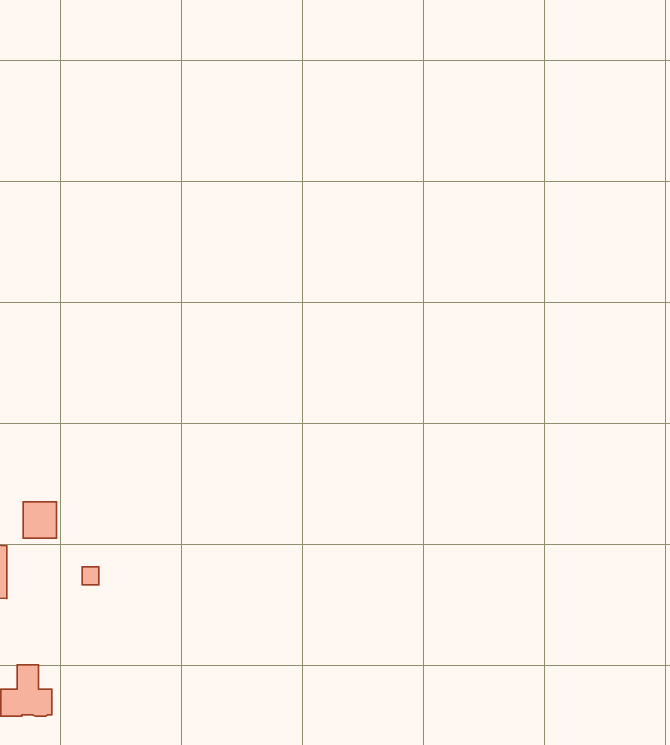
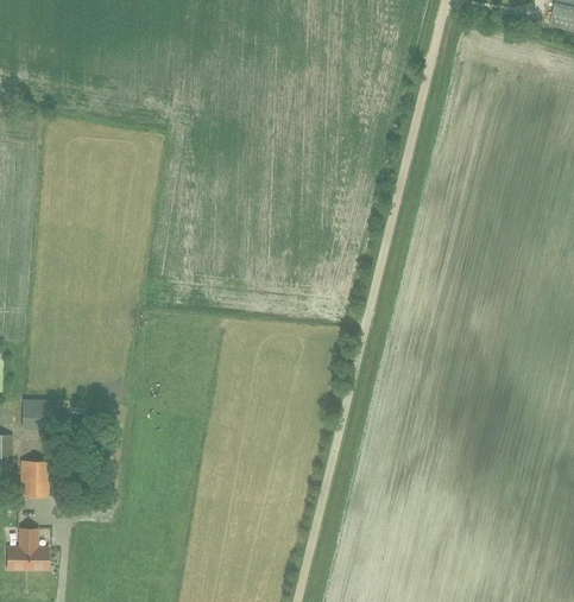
building: none -> [20,460,49,495]

